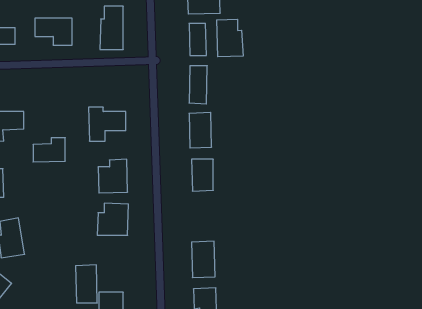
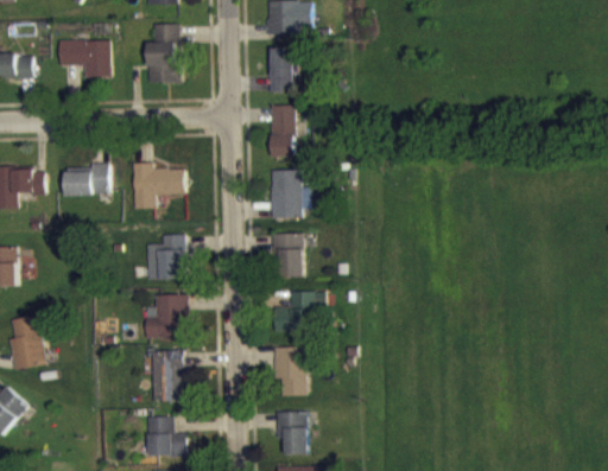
building: [217,19,243,57] -> none
building: [33,138,65,162] -> [64,163,108,196]
building: none -> [272,291,324,331]
building: [76,265,97,303] -> [151,350,180,402]

